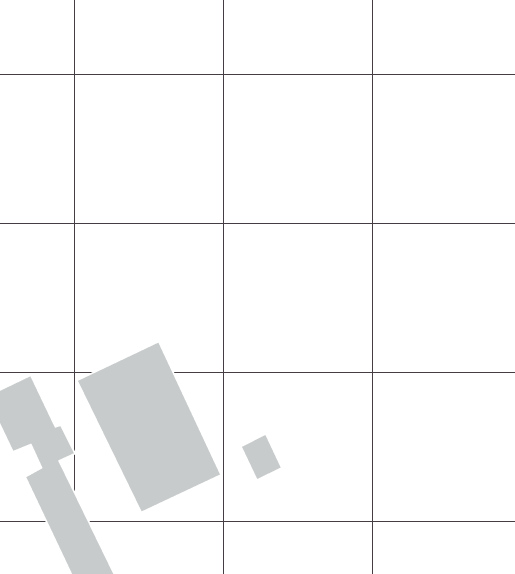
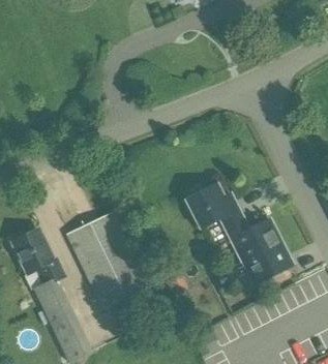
building: none -> [188,186,293,283]

